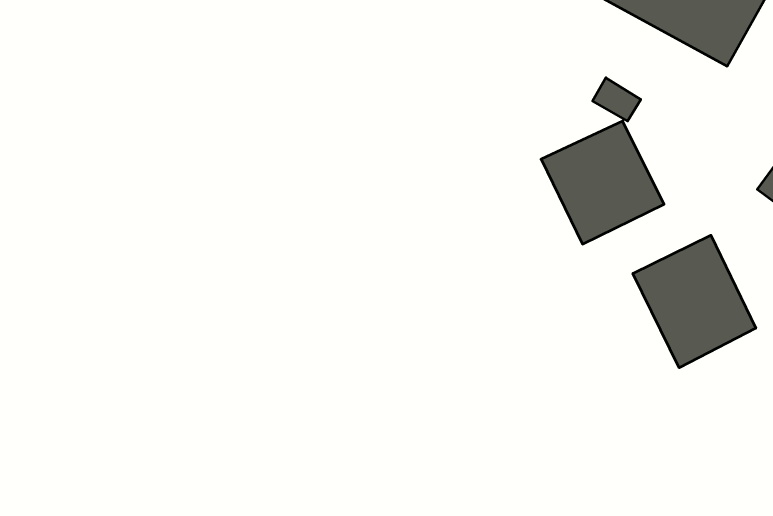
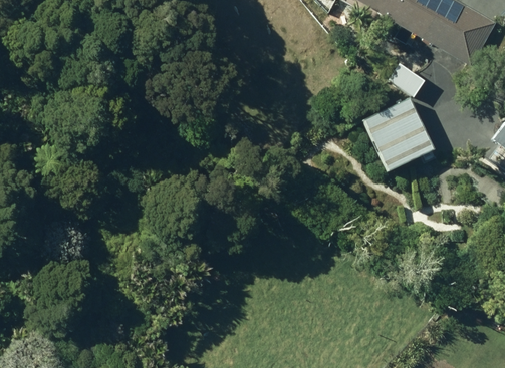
building: [633,235,756,368] -> none

